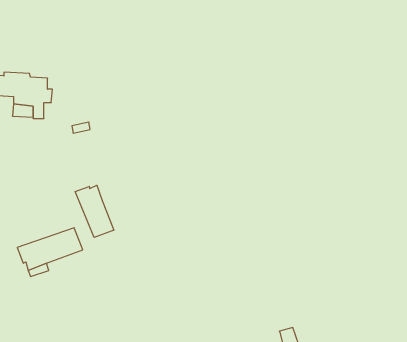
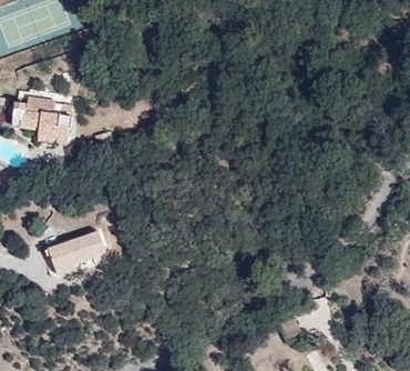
building: [75,185,114,237] -> none

